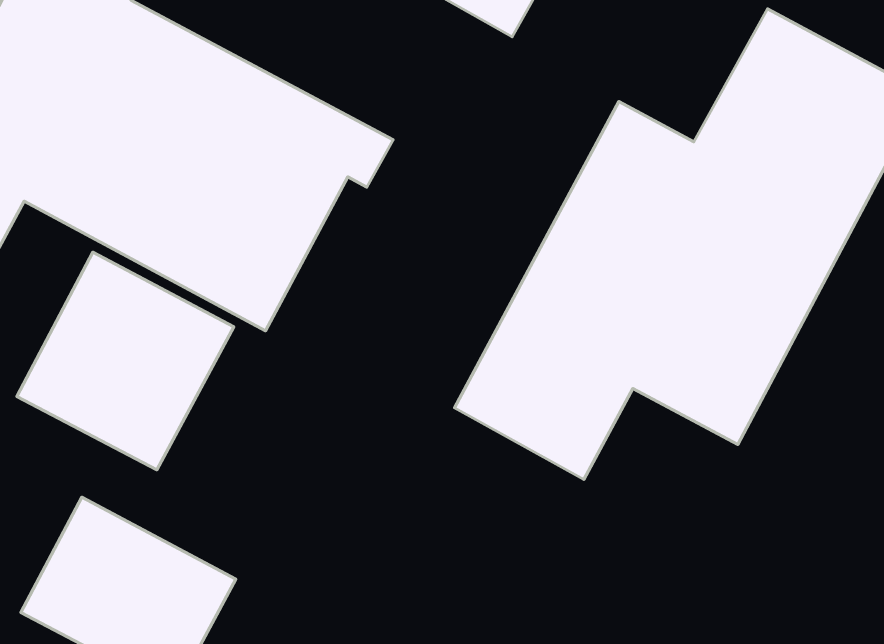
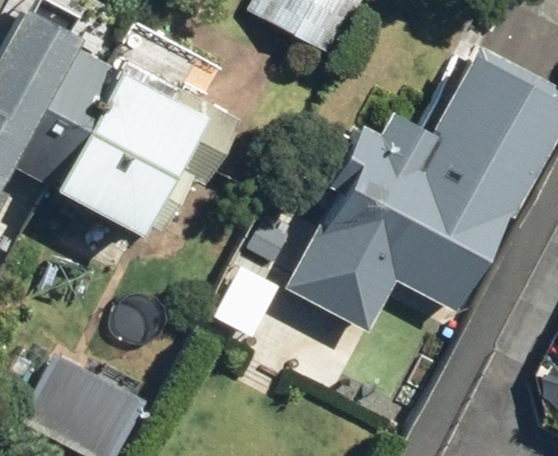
building: [17,252,234,470] -> none

